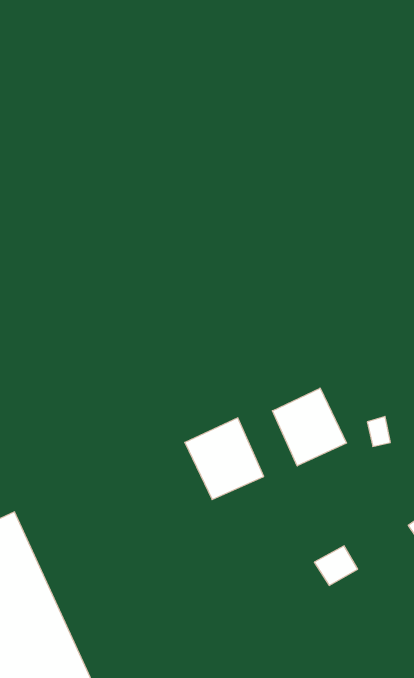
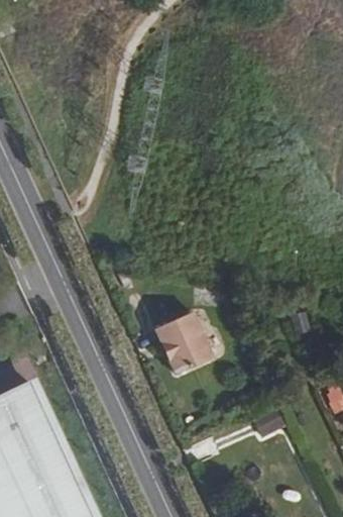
building: [272,388,347,466] -> none

